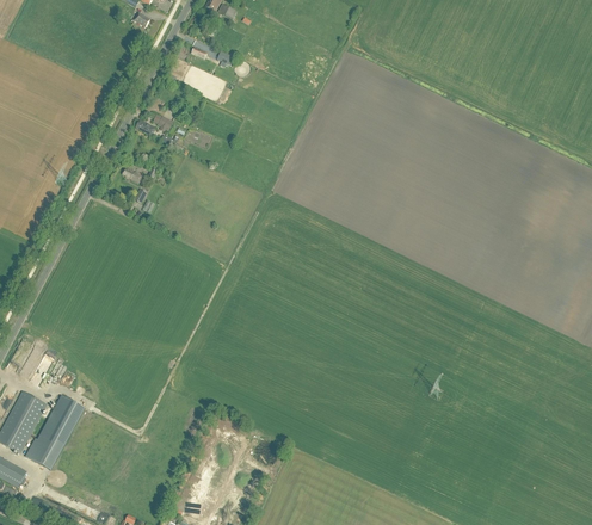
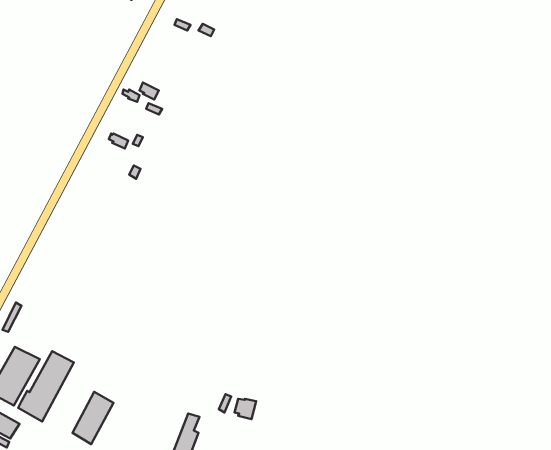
building: none -> [72,392,114,444]

